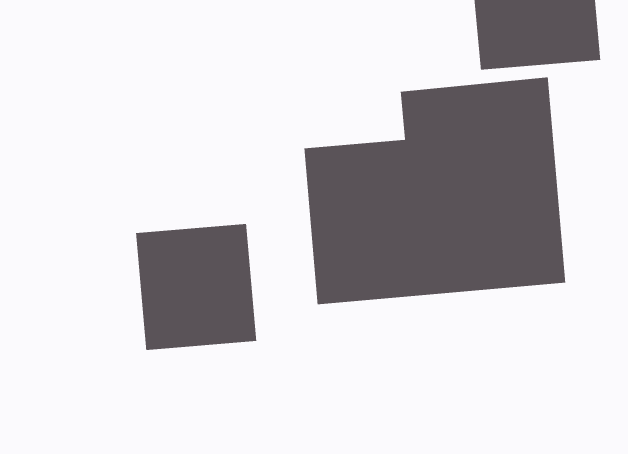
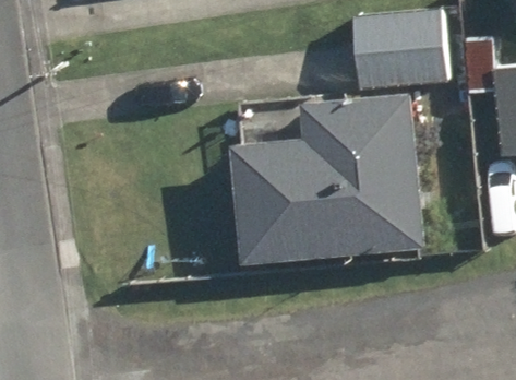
building: [135,223,257,351] -> none

